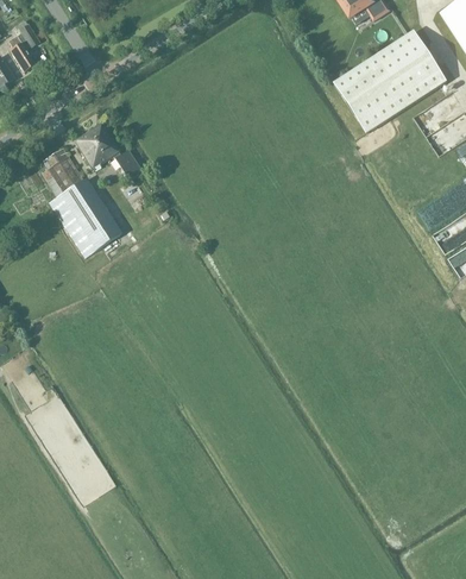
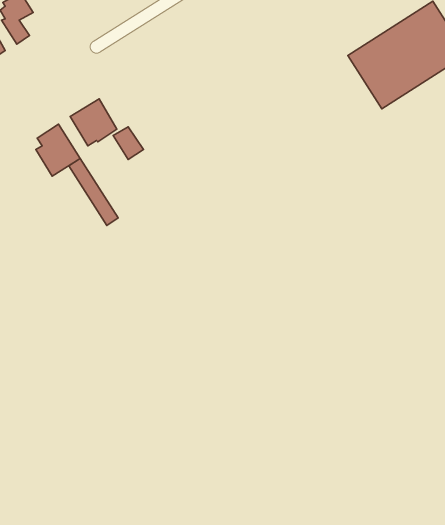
building: [49,184,108,256] -> none

